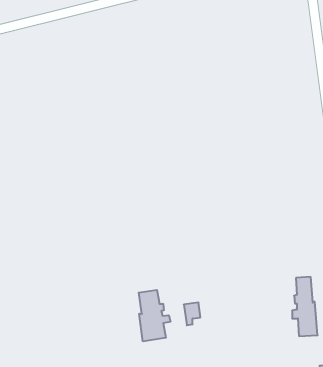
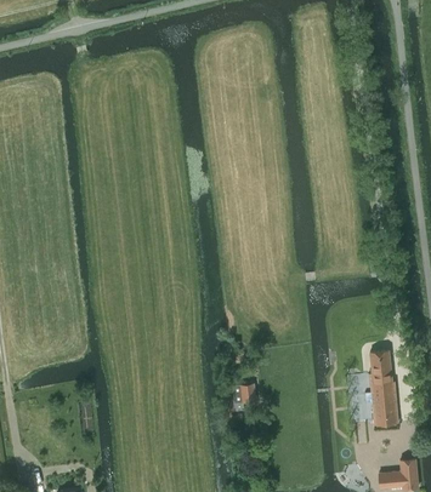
building: [139,290,170,341] -> none

